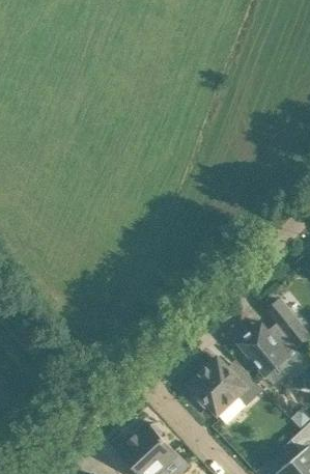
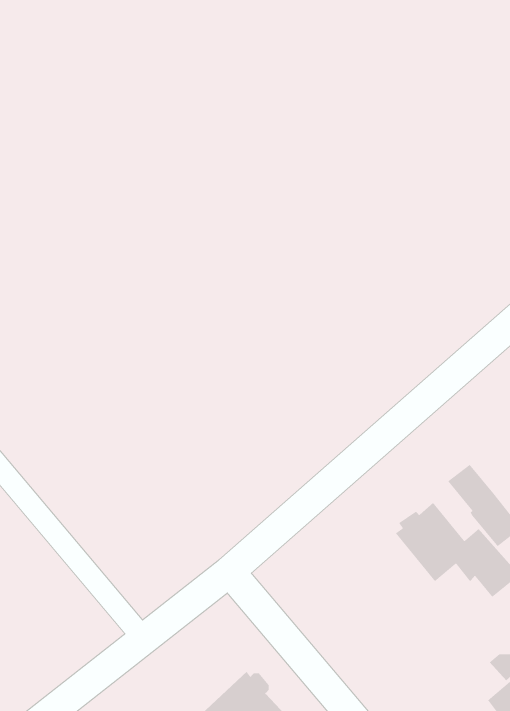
building: [190,359,263,414] -> none

